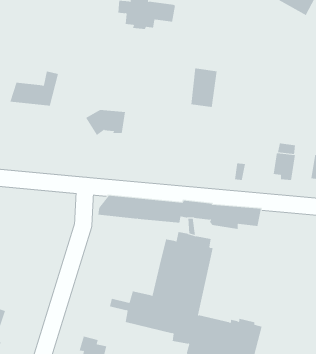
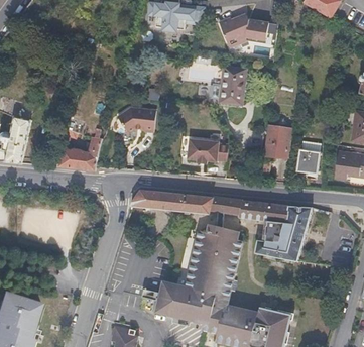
building: none -> [219,15,269,39]
building: [10,71,59,106] -> [56,136,104,170]
building: none -> [266,125,291,157]
building: none -> [188,138,229,163]
building: none -> [253,205,313,262]

